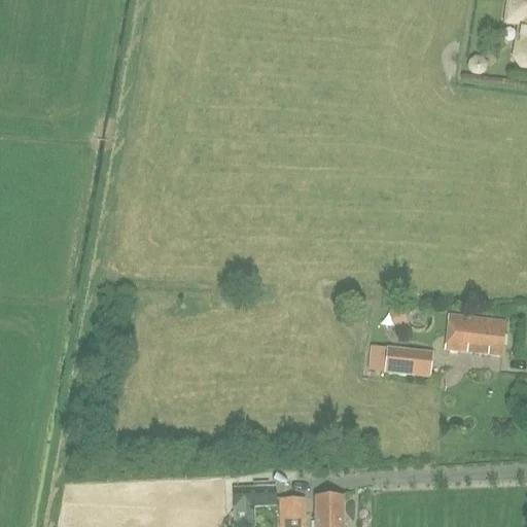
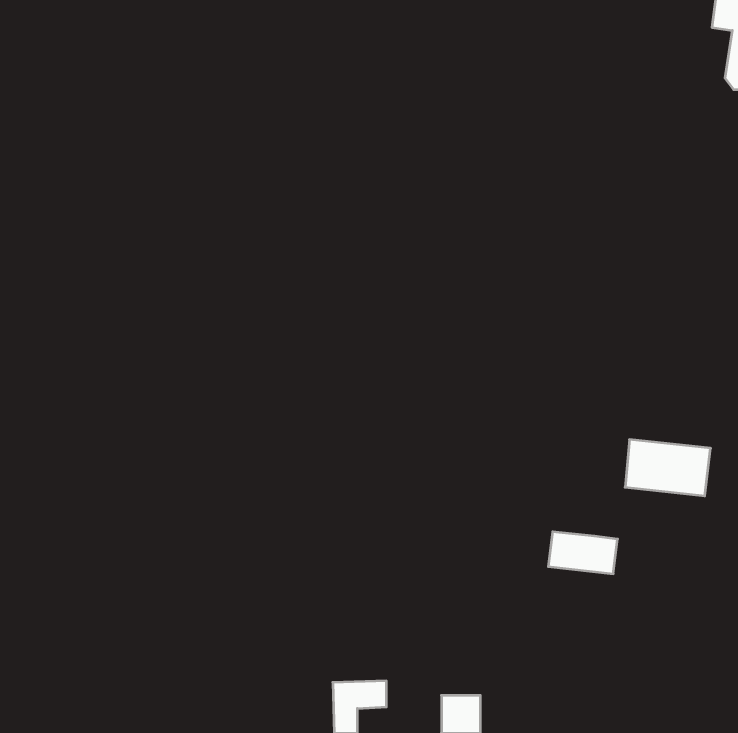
building: [384,346,433,376] -> [548,532,618,574]
building: [279,496,306,518] -> none

